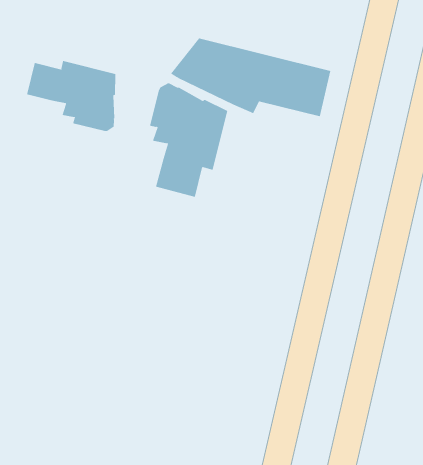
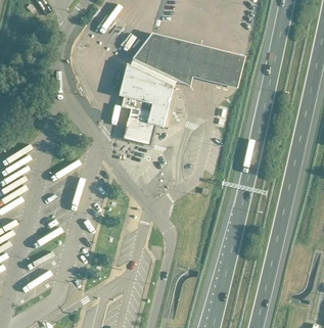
building: [27,60,116,132] -> none

